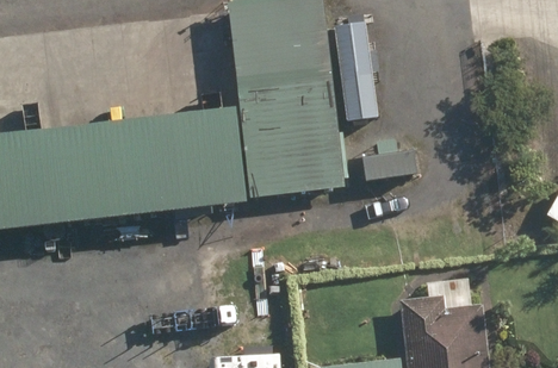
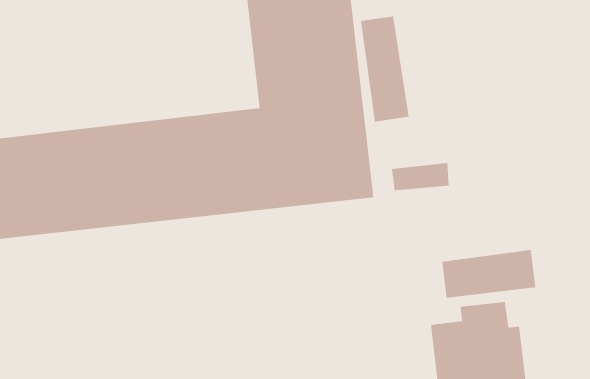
building: none -> [442,249,536,298]

